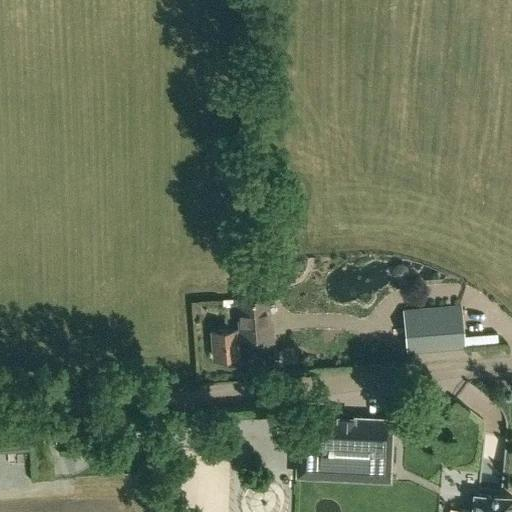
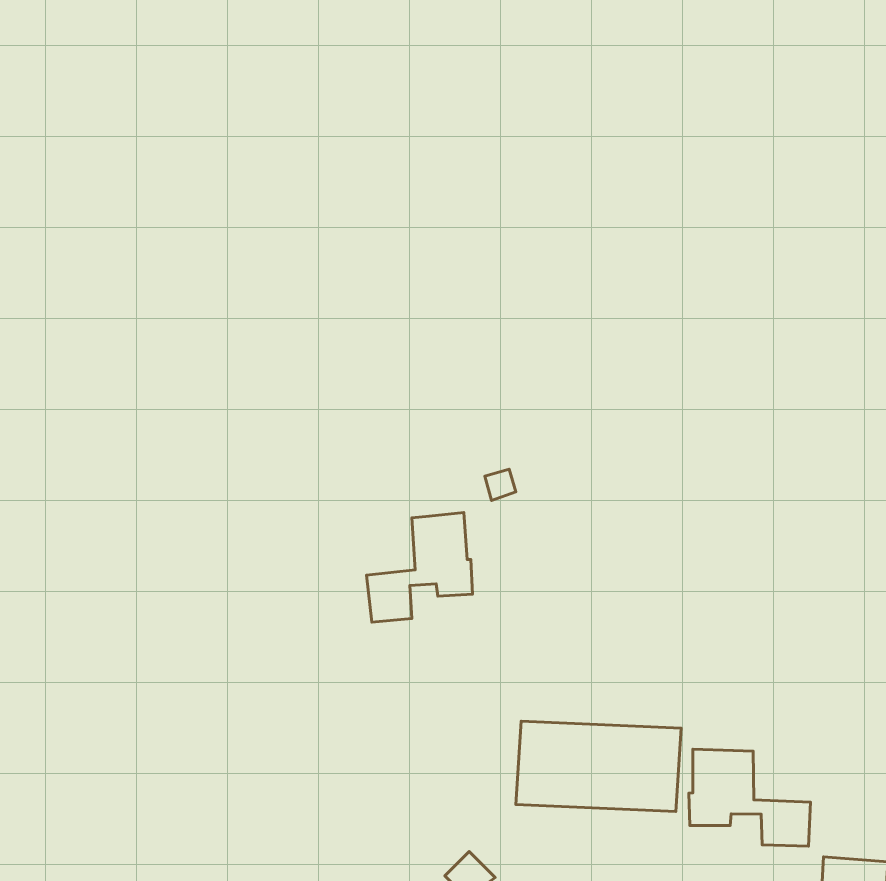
building: [405,311,464,355] -> none
building: none -> [689,749,810,846]

